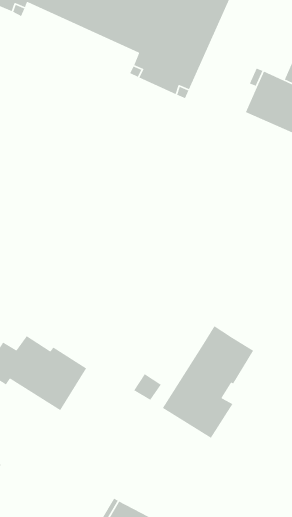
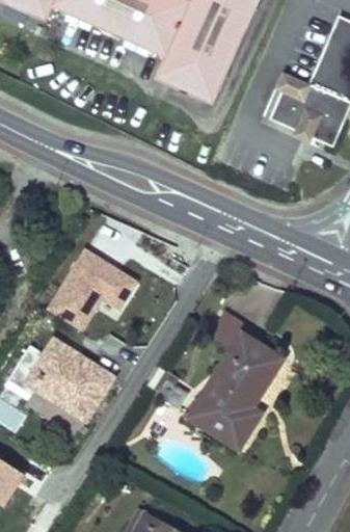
building: none -> [46,247,140,332]
building: none -> [207,310,264,350]

